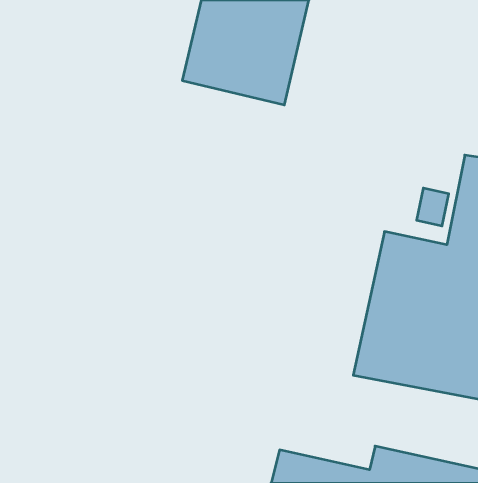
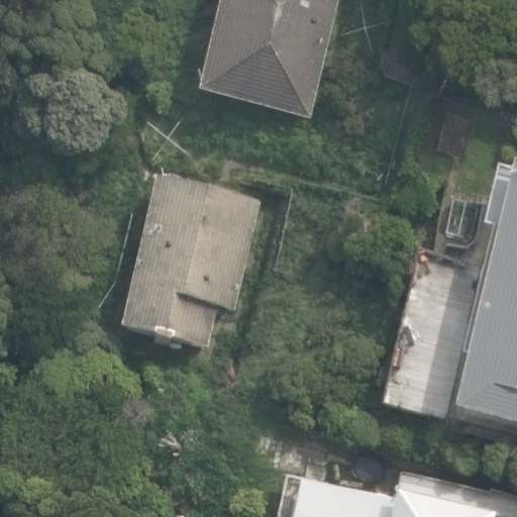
building: none -> [122,173,263,344]

